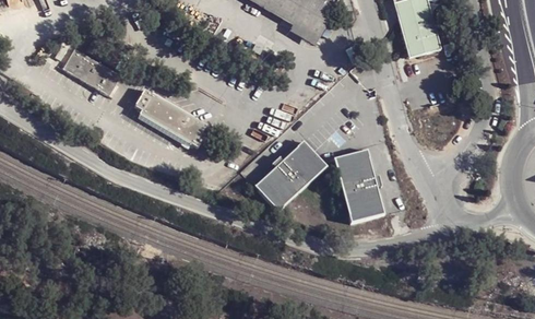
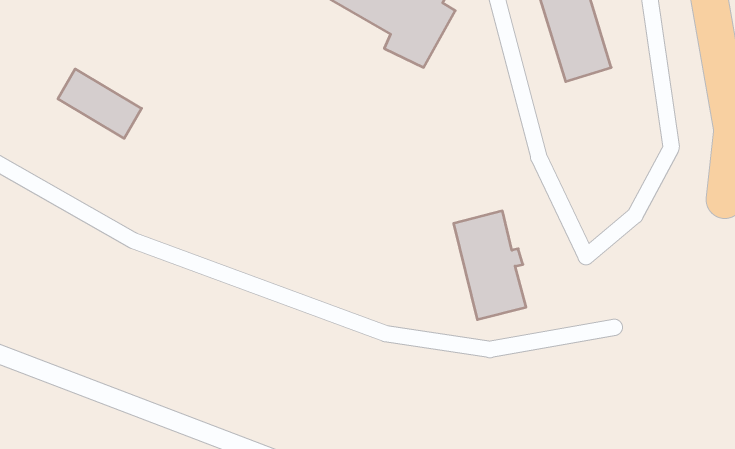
building: [131,92,203,150] -> none
building: [257,139,325,206] -> none

